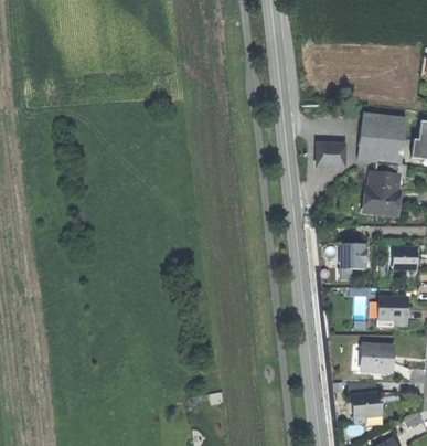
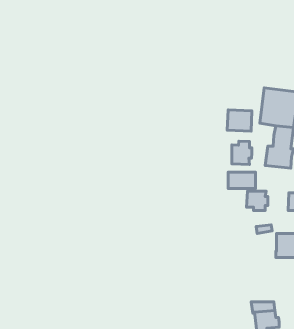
building: none -> [232,141,252,164]
building: none -> [228,172,255,189]
building: [352,343,393,372] -> none

